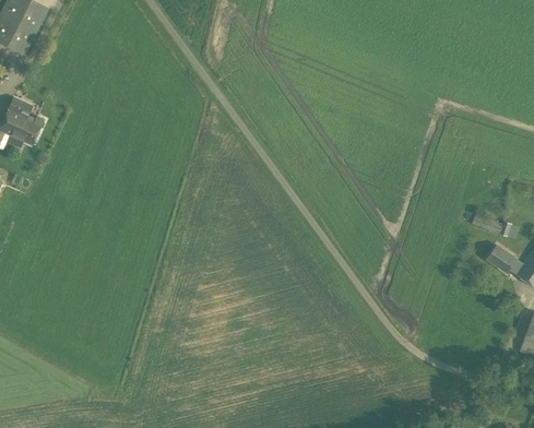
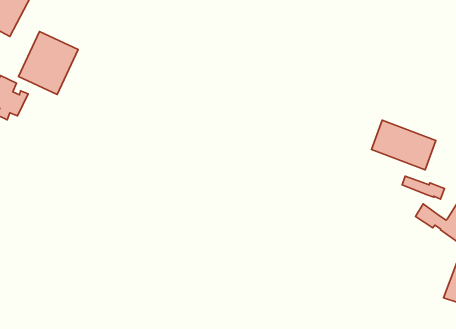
building: none -> [18,31,78,94]
building: none -> [371,120,436,170]

